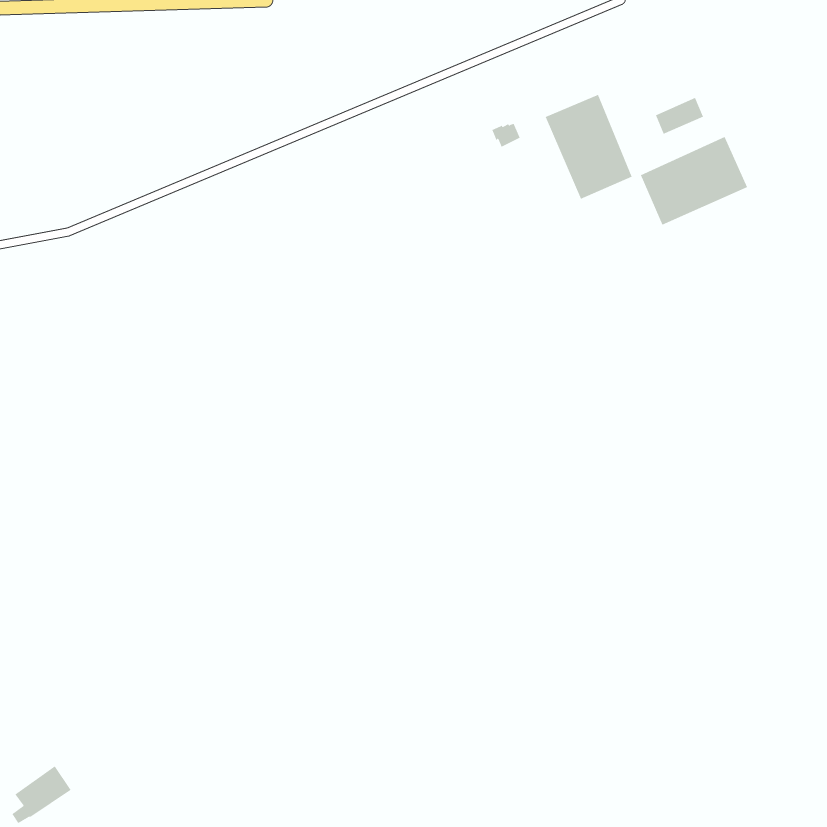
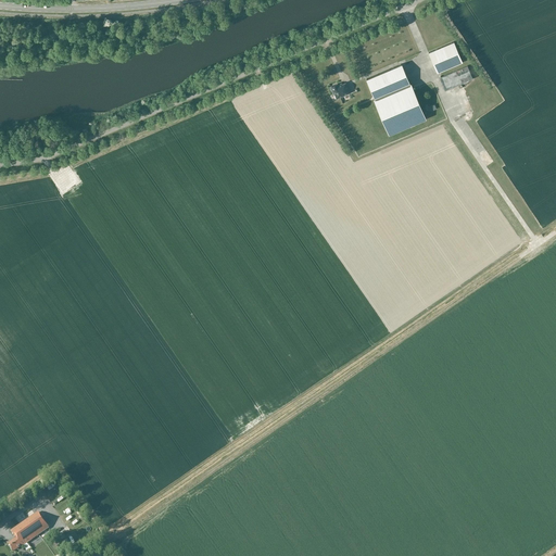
building: none -> [428,42,462,74]
building: [640,136,748,225] -> none

